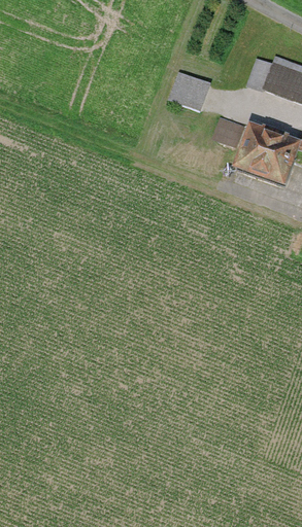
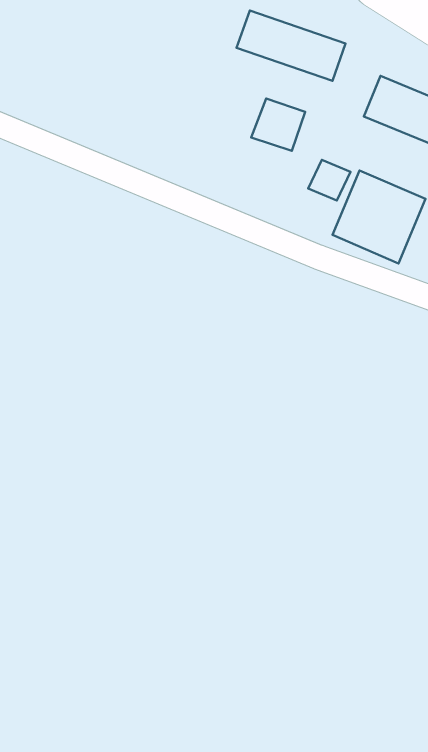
building: none -> [237,10,346,81]

